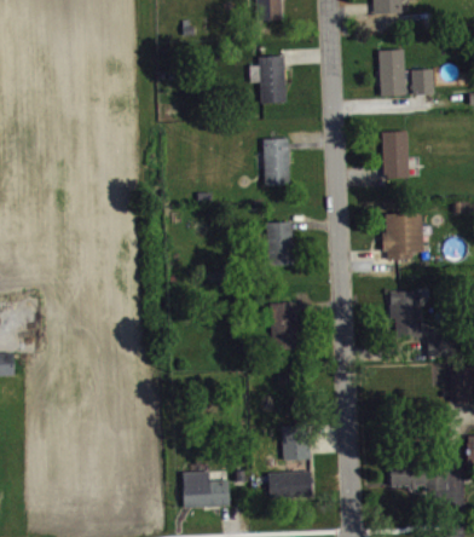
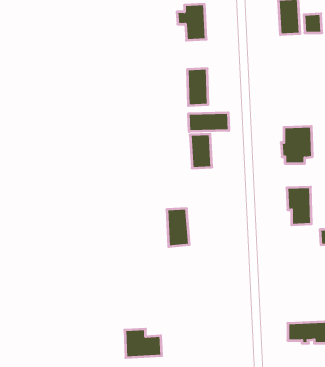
building: [382,132,409,179] -> none
building: none -> [189,113,229,132]
building: [270,302,299,351] -> [167,209,189,247]
building: [282,426,310,461] -> none
building: [268,472,311,500] -> none

